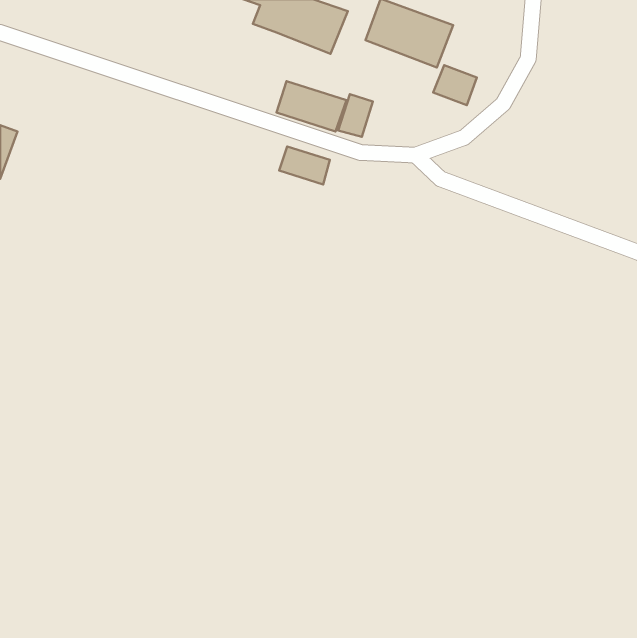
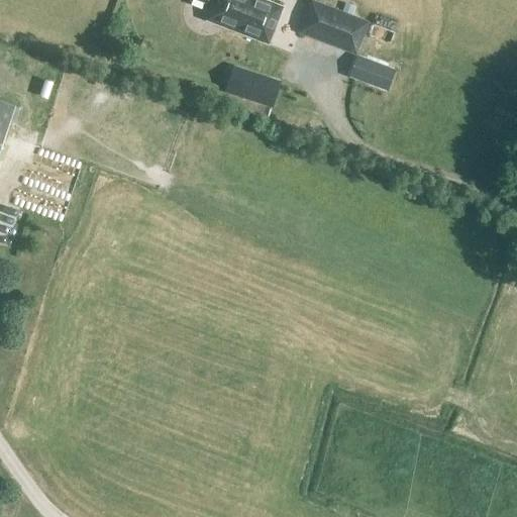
building: [338,94,373,137] -> none
building: [279,147,330,185] -> none

